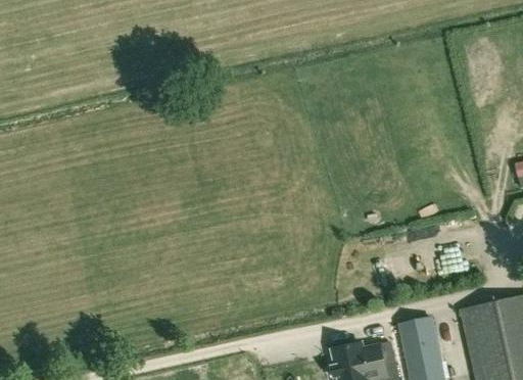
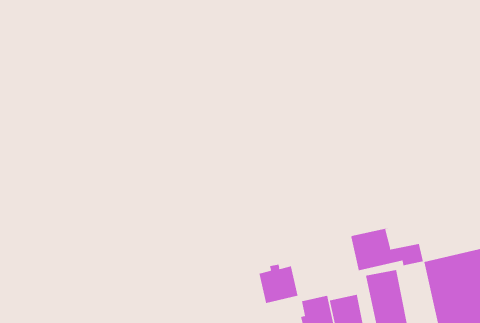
building: none -> [345,226,423,271]
building: none -> [259,264,298,304]

